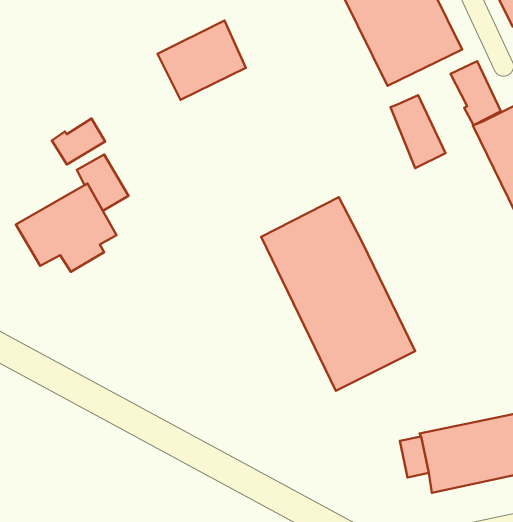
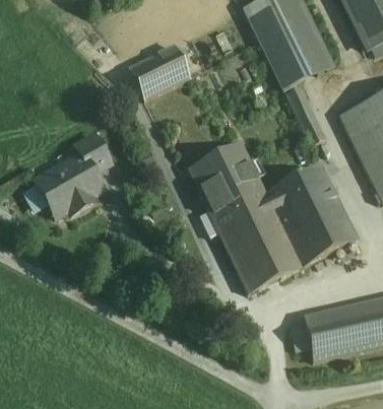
building: [451,61,501,125] -> none
building: [52,118,105,164] -> none
building: none -> [188,138,250,188]
building: none -> [265,163,355,264]

